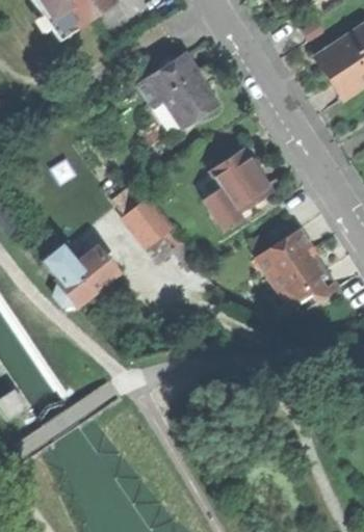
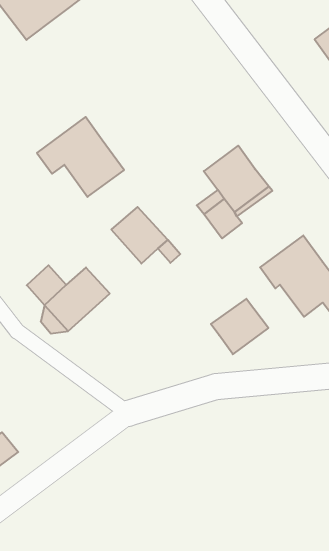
building: [139,56,216,128] -> [37,117,124,197]
building: none -> [211,299,268,354]

